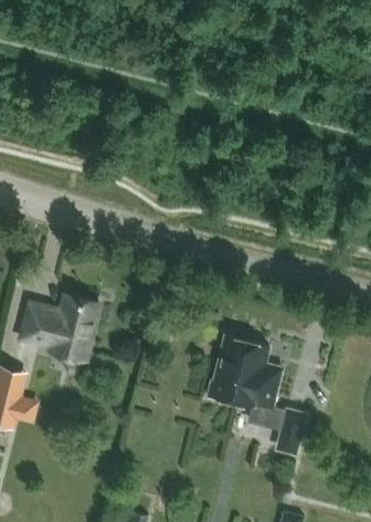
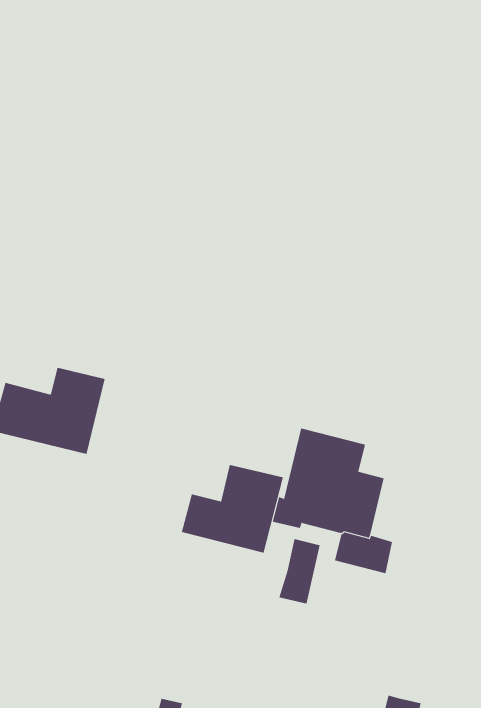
building: none -> [181,464,283,554]
building: [276,410,304,453] -> [279,539,321,604]

